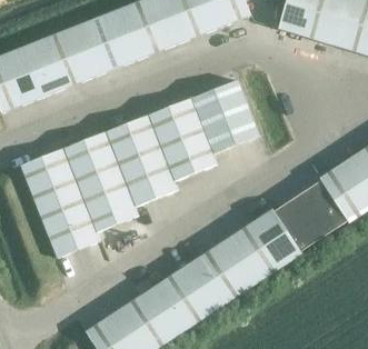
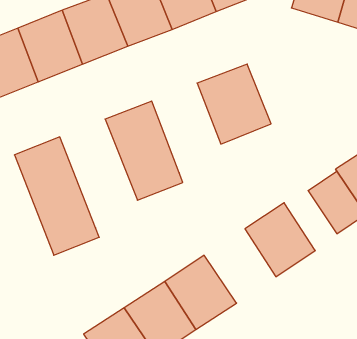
building: [148,98,216,181] -> none
building: [62,131,138,232] -> none
building: [271,198,320,253] -> none
building: [197,233,263,302] -> none

